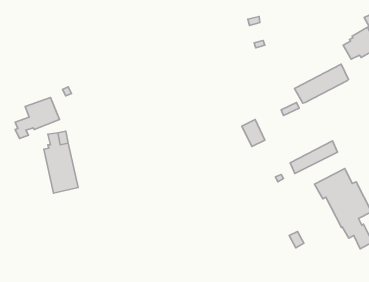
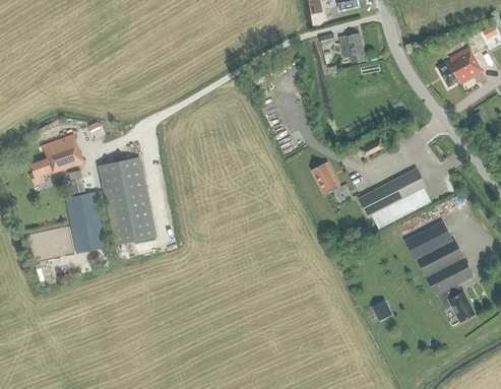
building: none -> [340,33,364,63]
building: [295,64,348,103] -> [359,168,426,216]
building: none -> [99,156,156,245]

